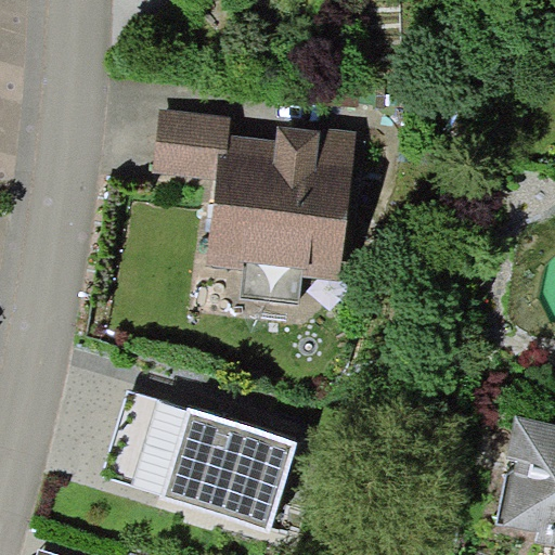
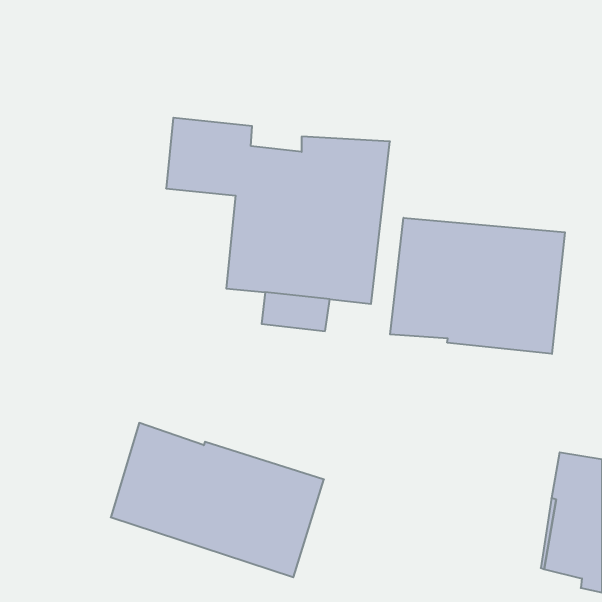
building: none -> [390,218,565,354]

